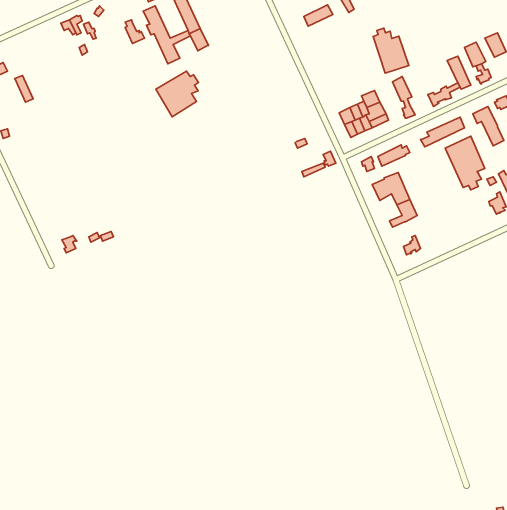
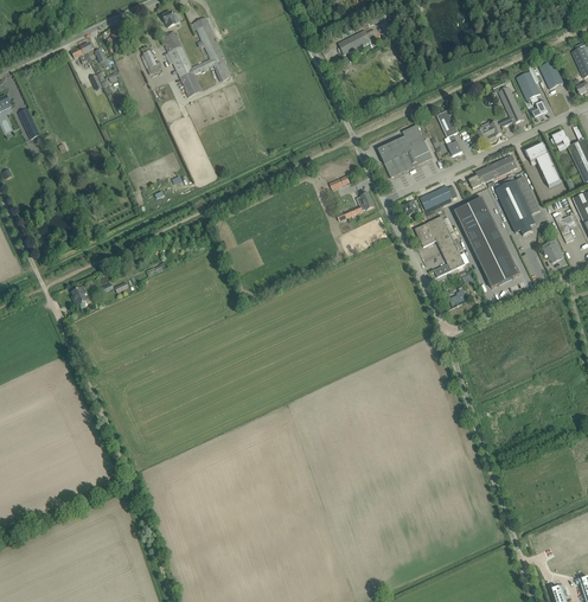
building: [373,28,409,73] -> none
building: [156,71,198,117] -> none
building: none -> [453,197,518,287]

